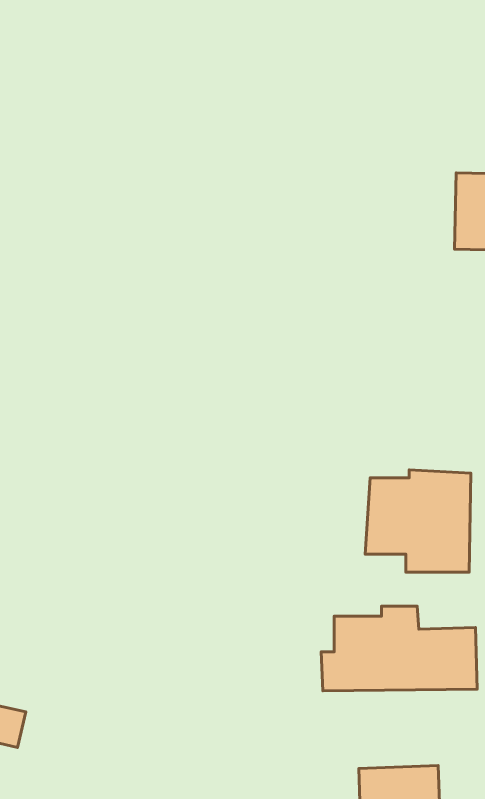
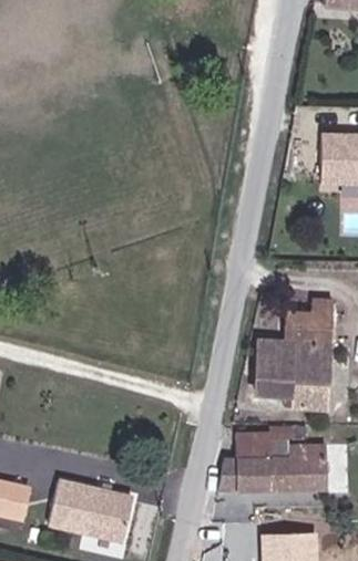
building: none -> [290,293,334,335]
building: none -> [49,484,132,543]

